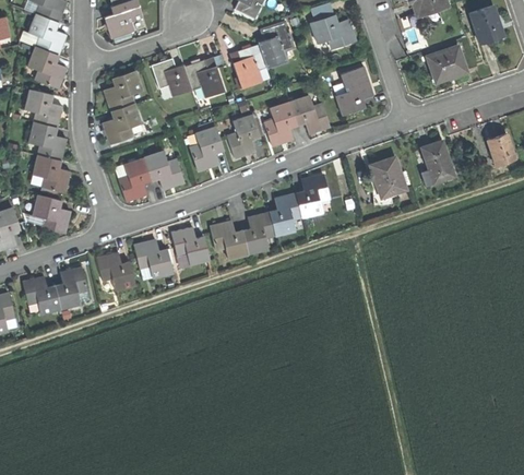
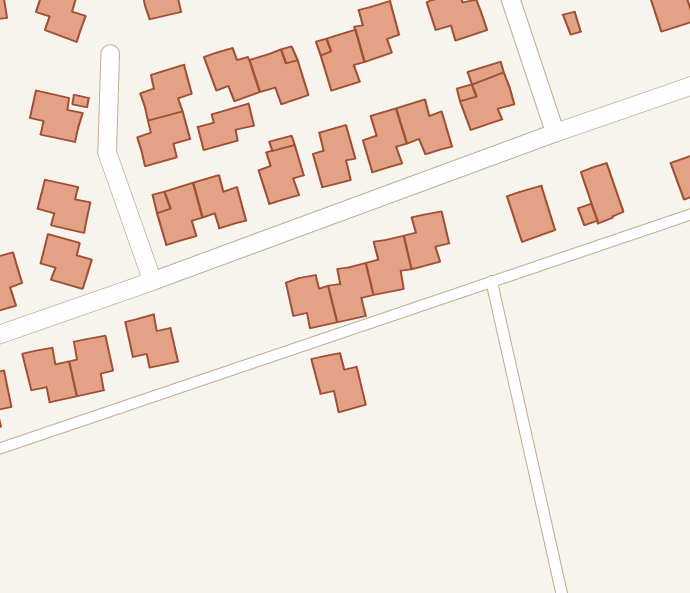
building: [29,45,66,87] -> none
building: [428,48,467,84] -> none
building: none -> [198,103,254,150]
building: [27,120,64,158] -> none
building: [169,226,209,269] -> [311,353,366,412]
building: [133,239,171,277] -> none

